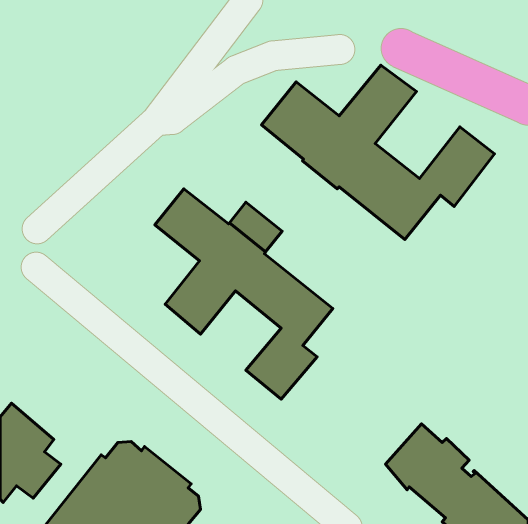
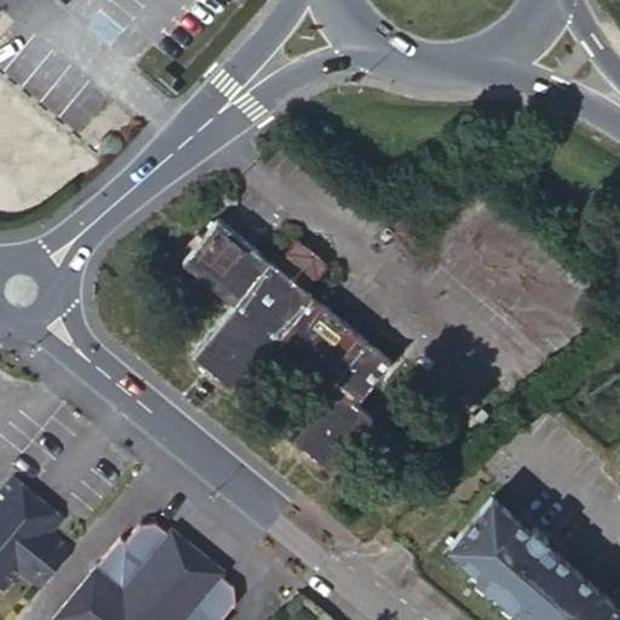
building: [261,65,494,240] -> none

